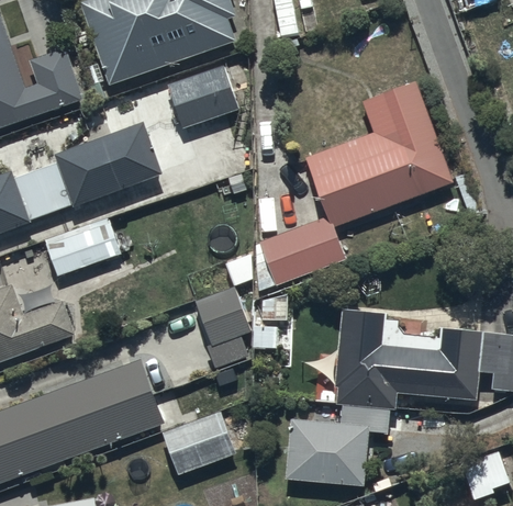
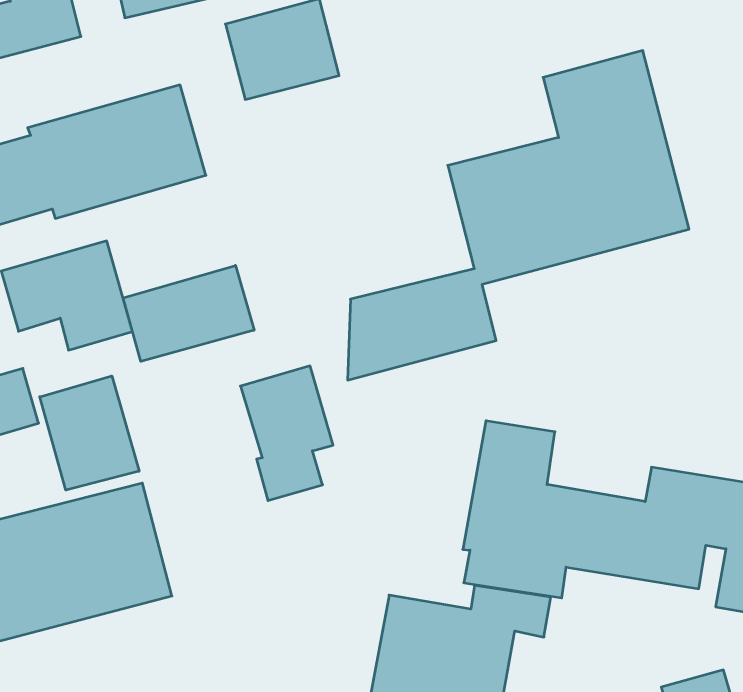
building: none -> [123,265,254,361]
building: none -> [40,376,139,490]
building: [161,409,235,473] -> none

